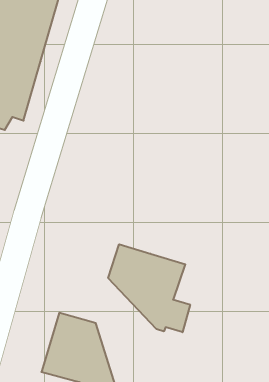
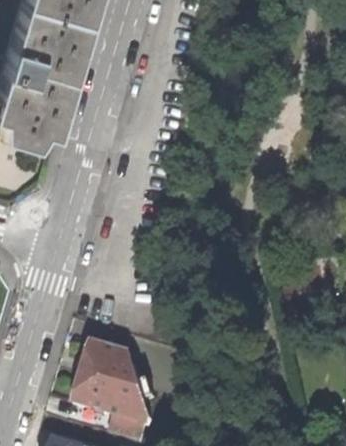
building: [108,244,190,332] -> none

